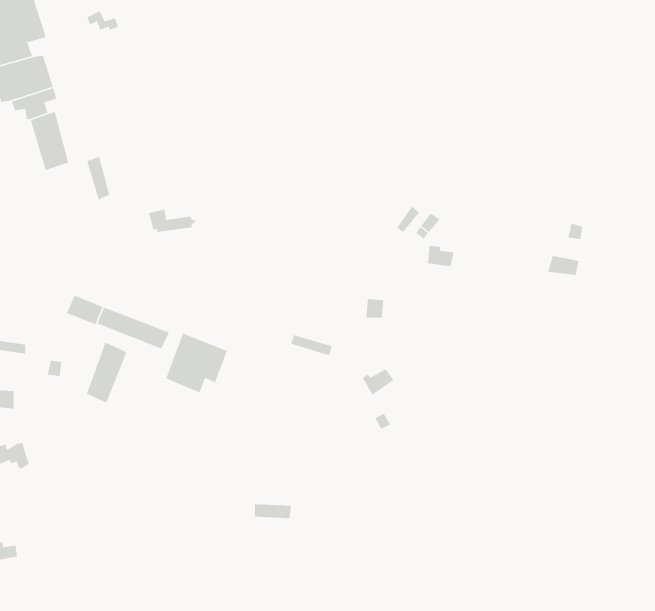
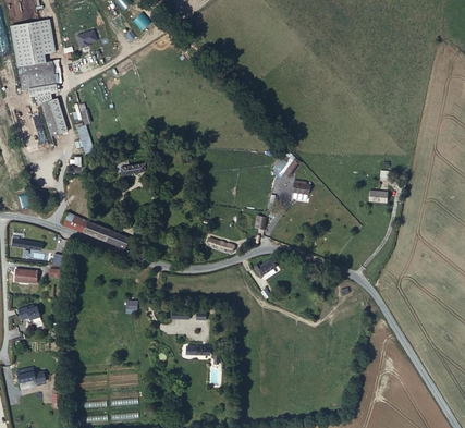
building: [165,332,228,393] -> none
building: [86,342,127,404] -> none

